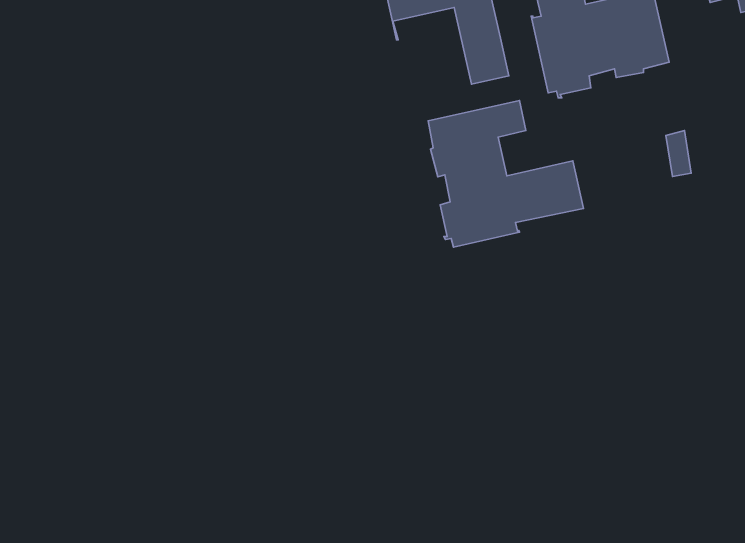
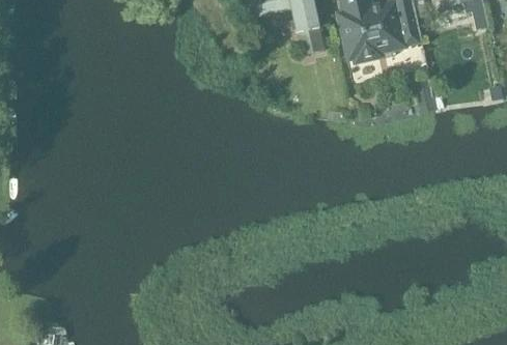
building: [428,101,584,247] -> none

